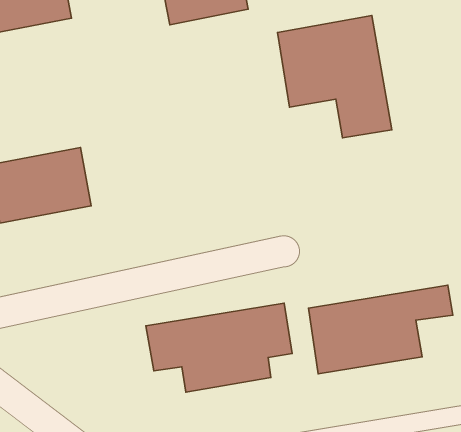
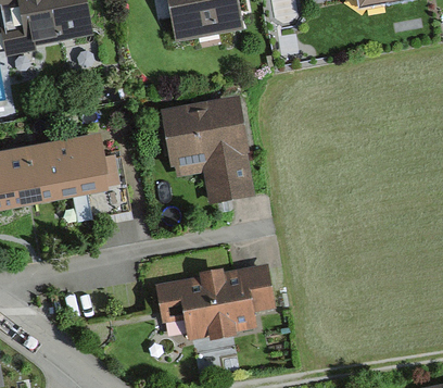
building: [277,15,392,138] -> [157,97,251,197]
building: [308,285,453,374] -> none

